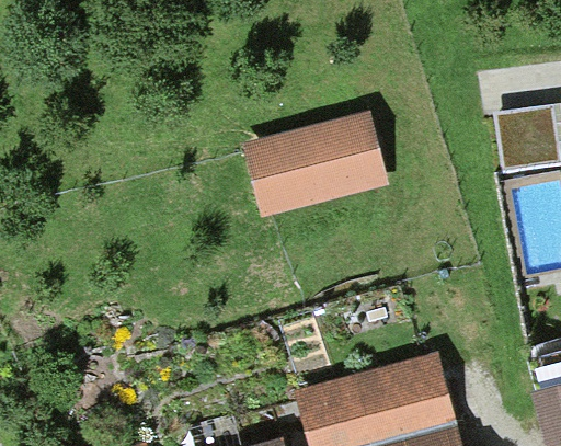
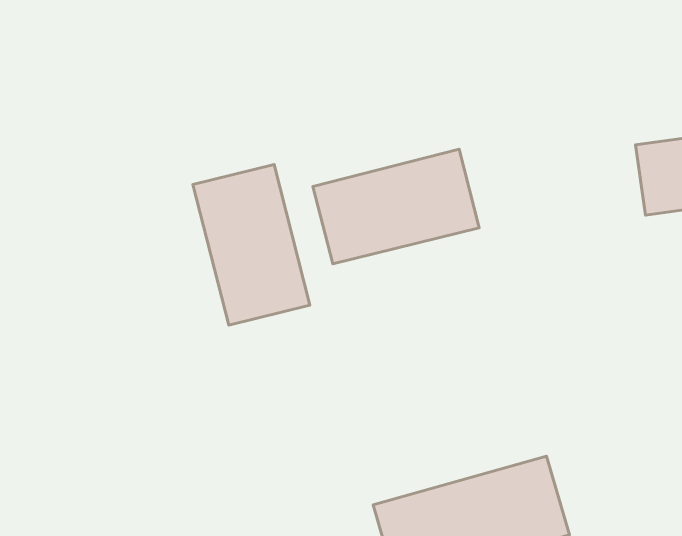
building: none -> [193,165,310,325]

